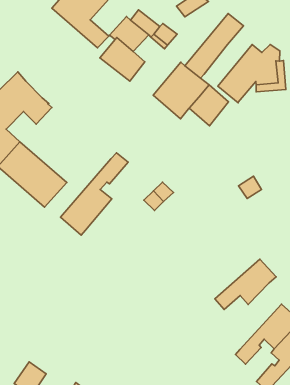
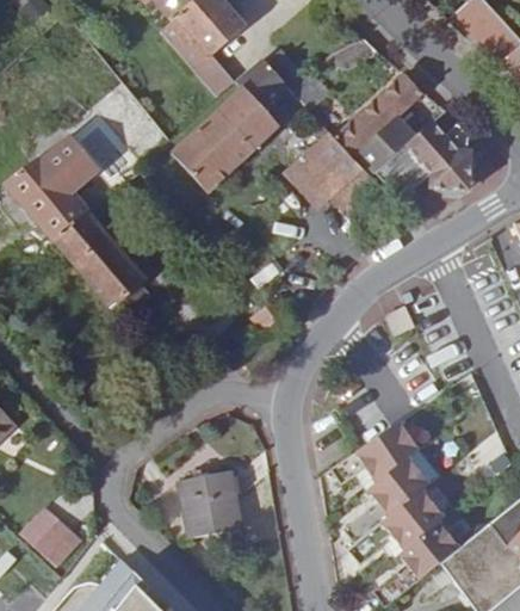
building: none -> [359,116,416,172]
building: none -> [172,110,254,192]
building: [60,153,128,235] -> none
building: none -> [342,456,429,543]
building: none -> [179,470,241,536]

